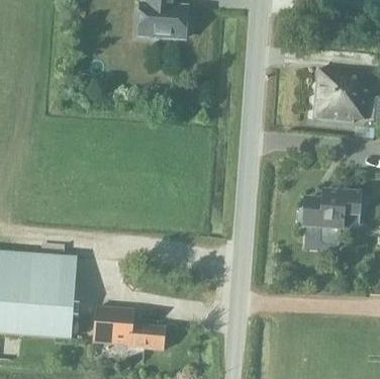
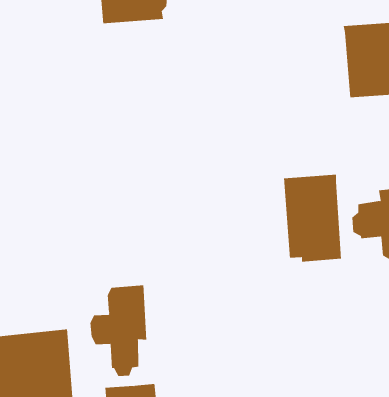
building: none -> [283,174,342,263]
building: none -> [90,284,147,377]

